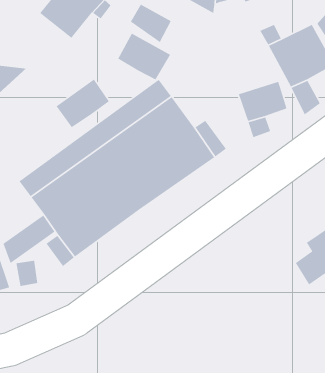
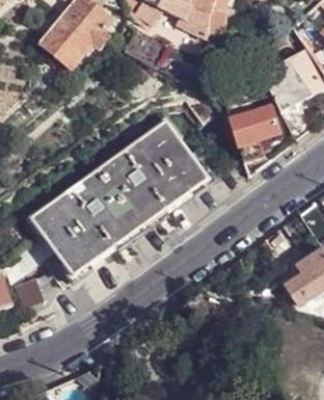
building: [117,32,171,80] -> none
building: [55,78,110,128] -> none

